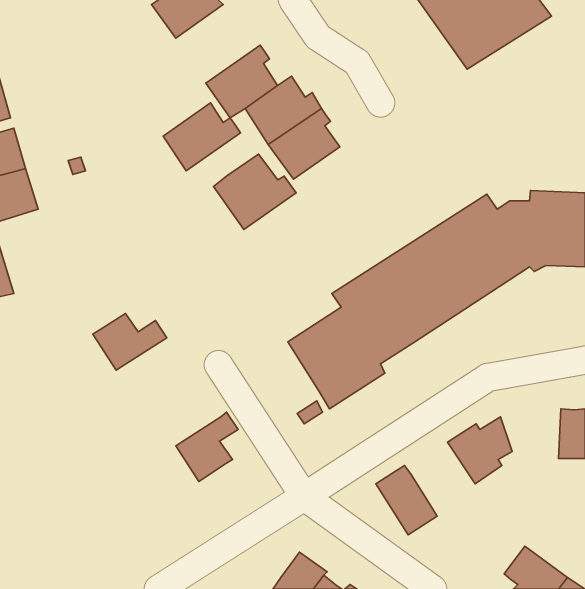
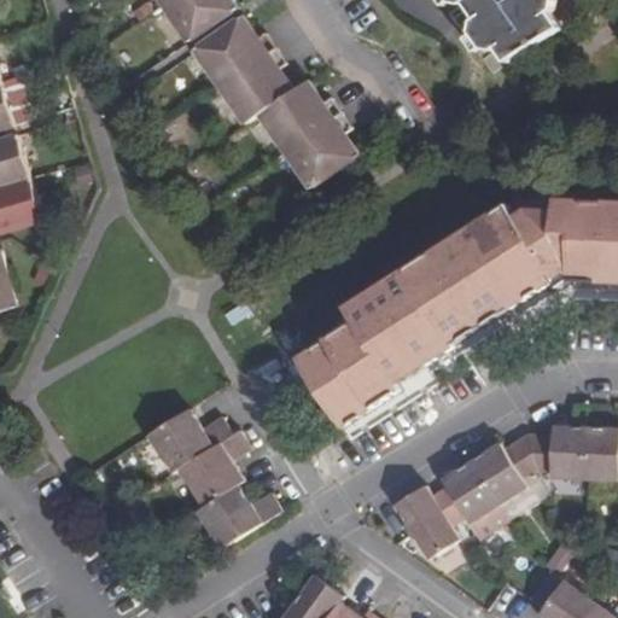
building: [163,103,240,171] -> [191,16,272,87]
building: [214,154,296,229] -> none
building: [93,313,167,370] -> [153,410,231,470]
building: none -> [523,427,585,479]
building: none -> [428,462,496,527]
building: none -> [202,484,278,544]

